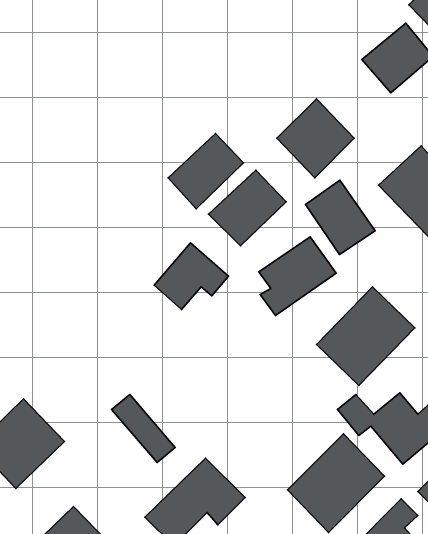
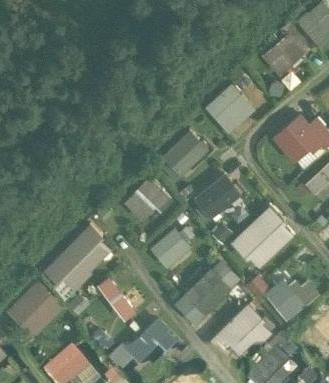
building: [168,133,243,209] -> none
building: [306,180,375,254] -> none
building: none -> [41,221,115,294]
building: none -> [149,224,192,266]
building: none -> [175,255,242,322]

